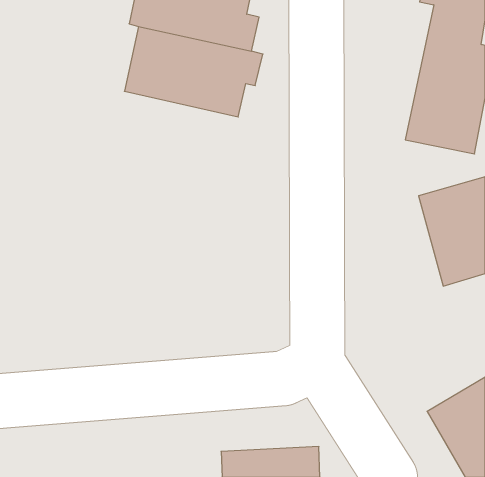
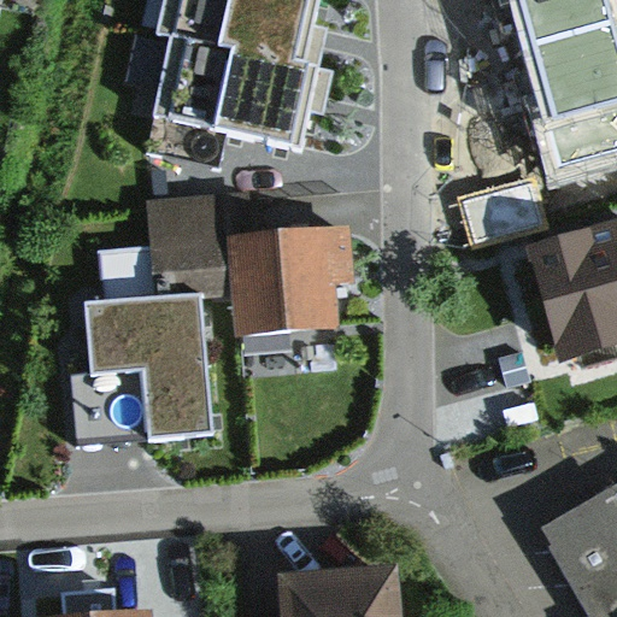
building: none -> [148,192,351,335]
building: none -> [72,295,207,441]

